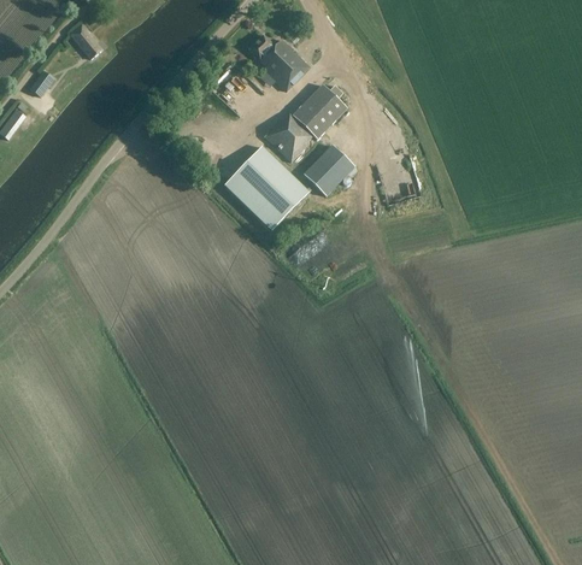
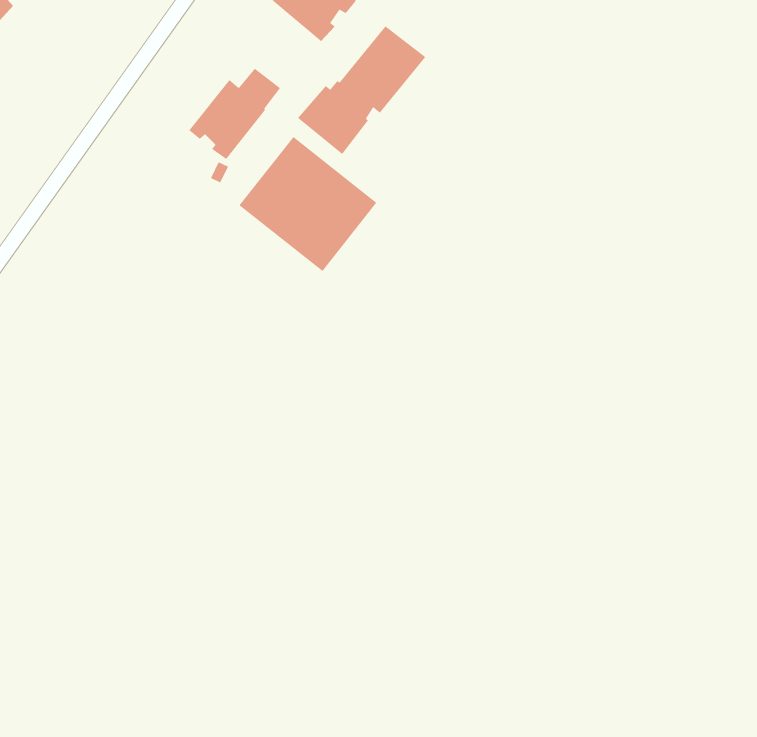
building: none -> [189,68,281,160]
building: [304,143,354,195] -> none

